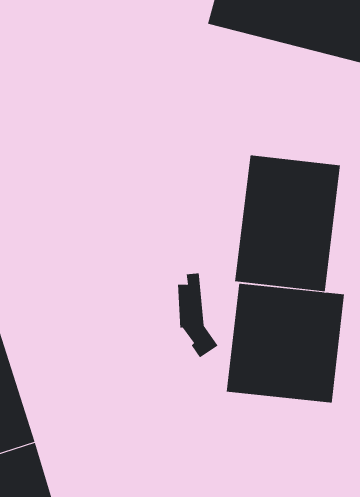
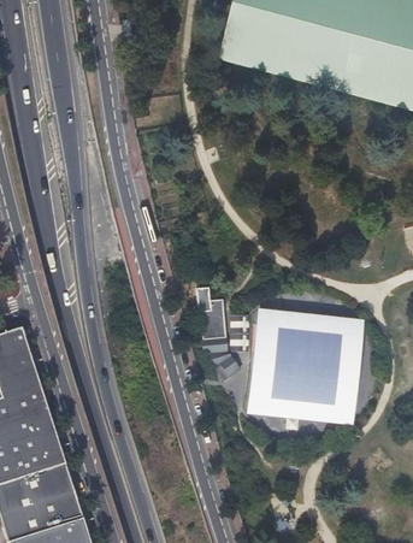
building: [235,155,340,292] -> none

